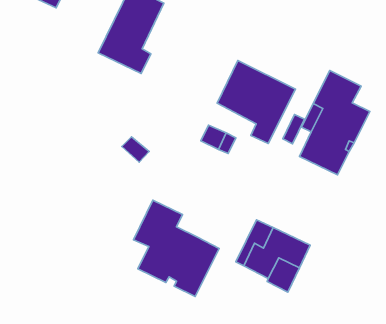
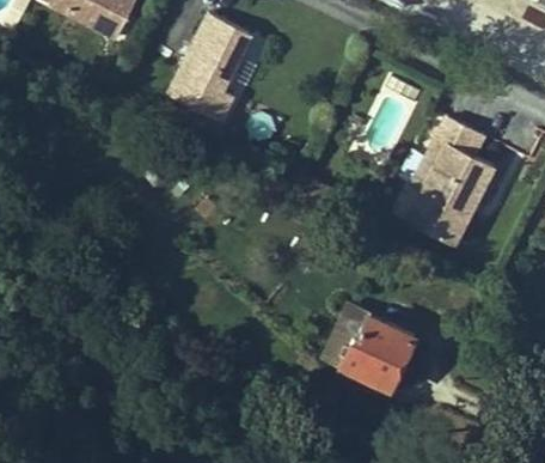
building: [217,60,296,144] -> none
building: [133,200,219,296] -> none

